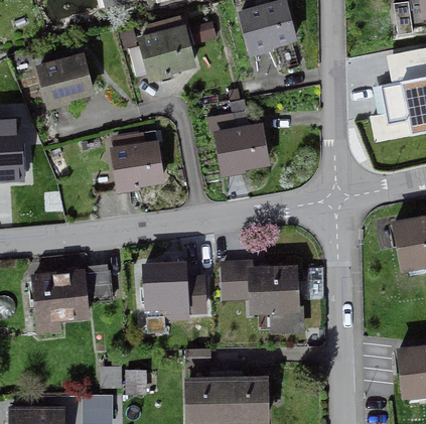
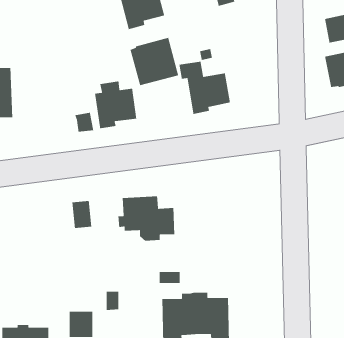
building: [39,54,92,105] -> none
building: none -> [129,37,179,86]
building: [224,261,301,327] -> none
building: [34,270,88,318] -> none

